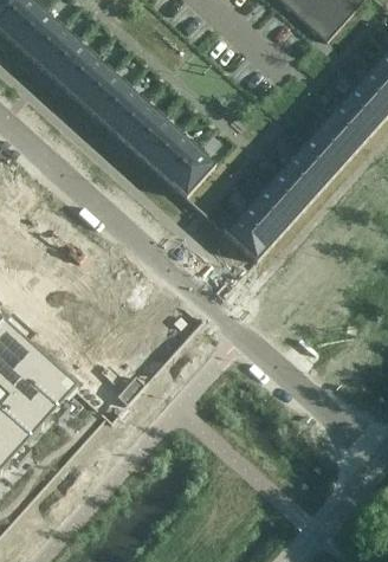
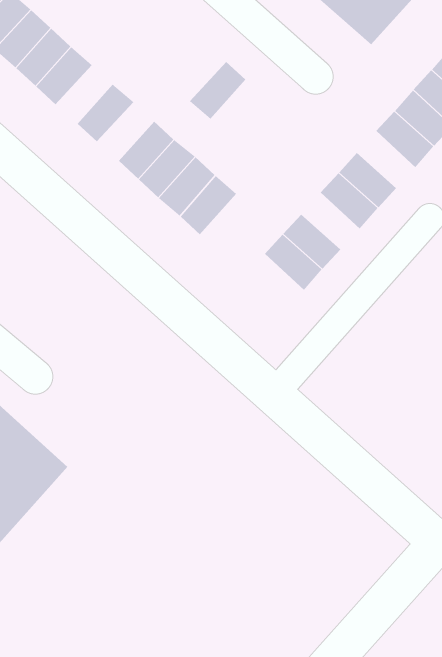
building: [65,56,112,104] -> none
building: [99,86,147,135] -> [189,61,246,120]
building: [315,110,363,157] -> none
building: [269,161,317,208] -> none
building: [222,212,271,259] -> none

